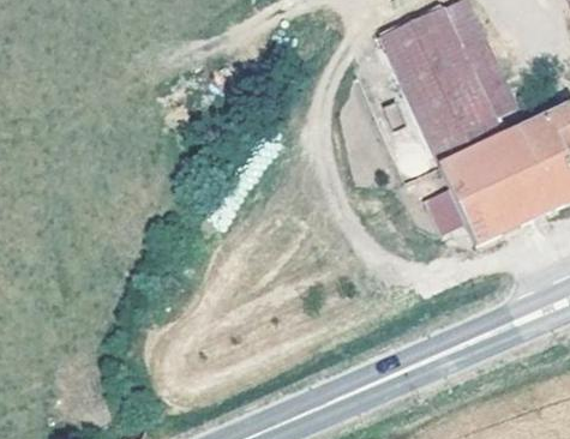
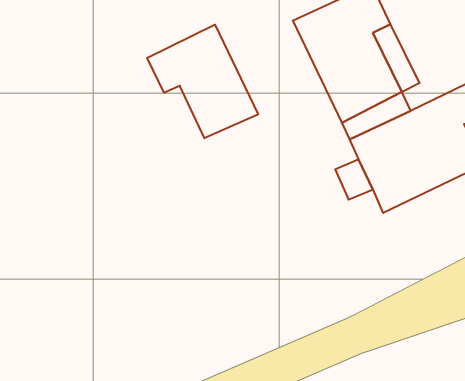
building: none -> [147,25,258,138]

